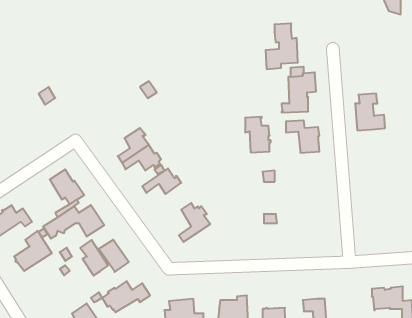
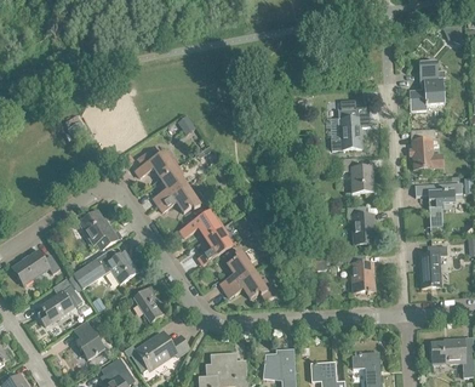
building: [266,23,298,69] -> [408,61,443,110]
building: none -> [135,148,177,177]
building: [245,117,271,152] -> [347,205,374,244]
building: none -> [414,183,462,226]
building: none -> [198,226,230,264]
building: none -> [418,245,446,288]
building: none -> [342,255,373,292]
building: none -> [224,271,274,300]
building: [80,240,108,276] -> [73,320,103,359]

